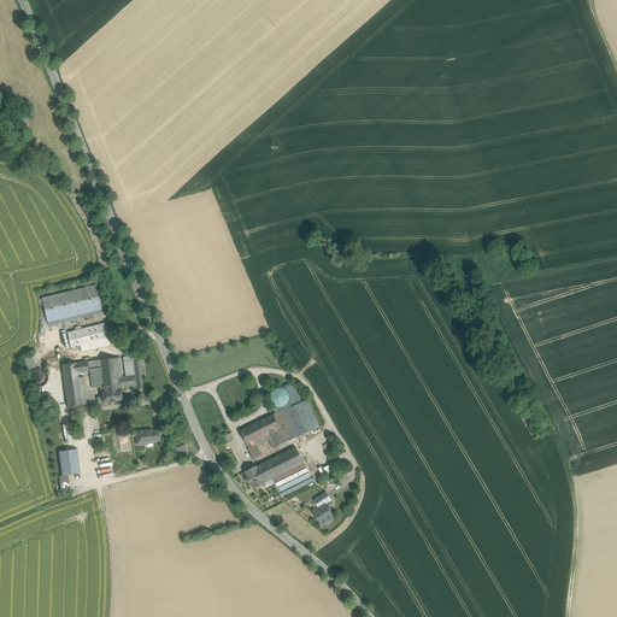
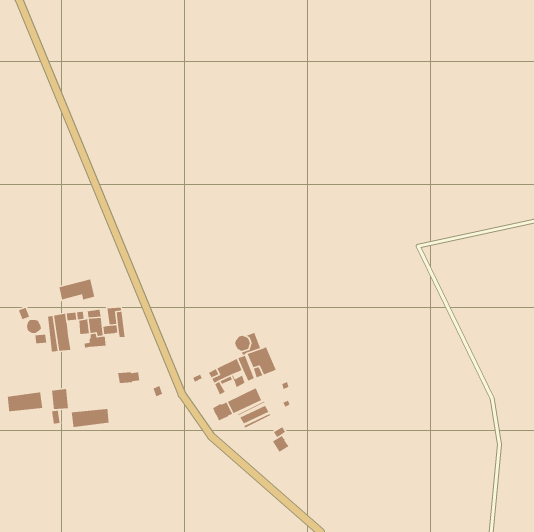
building: [42,284,101,321] -> none
building: none -> [7,391,43,412]
building: none -> [71,408,110,428]

